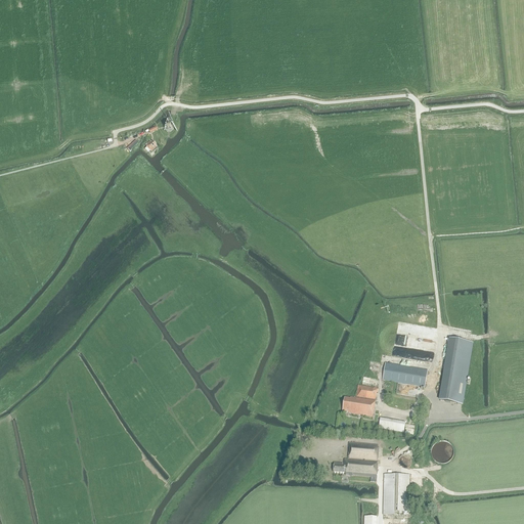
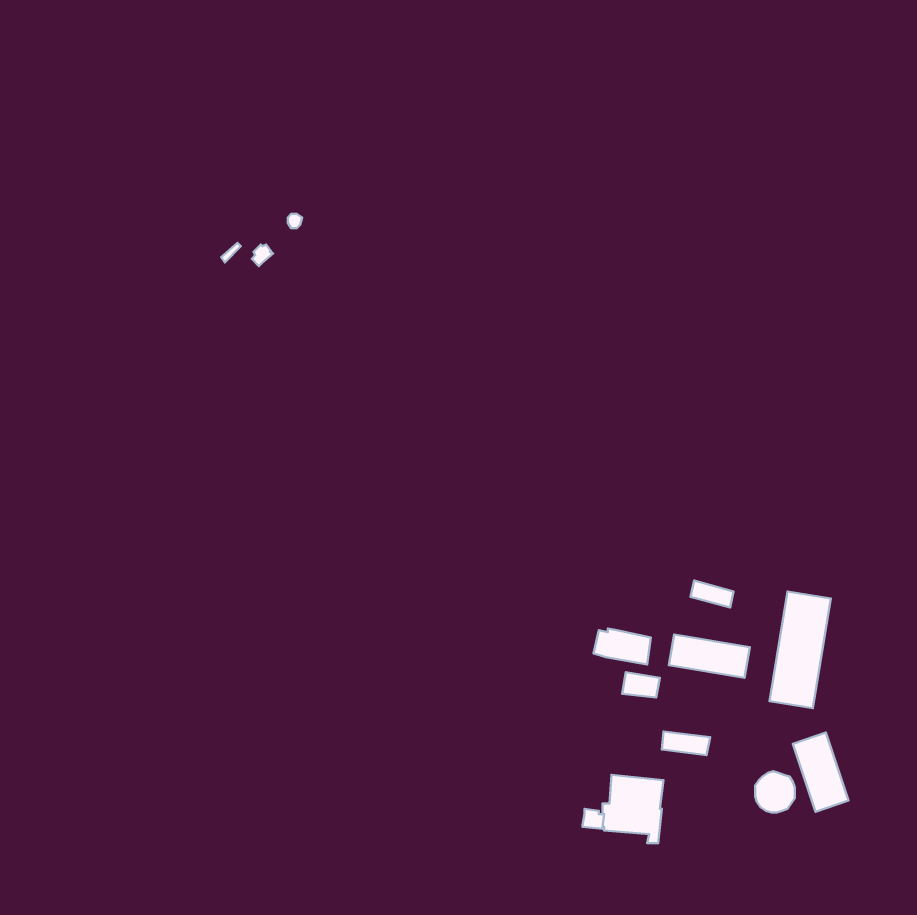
building: [341,395,374,416] -> [593,628,651,664]
building: none -> [793,733,849,812]
building: [382,473,408,514] -> none

